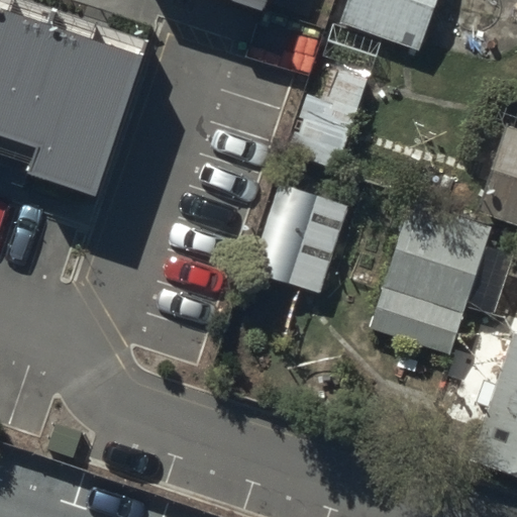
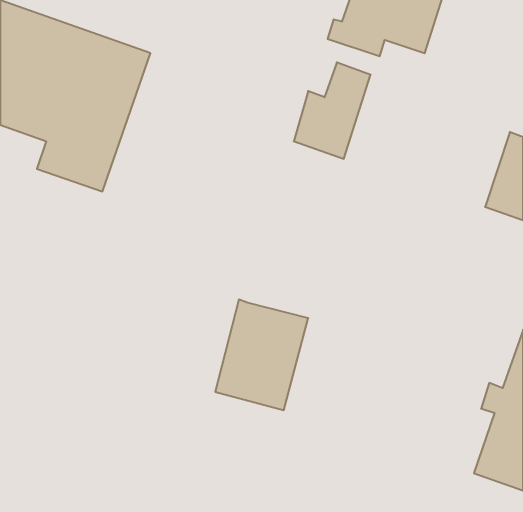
building: [255,186,347,295] -> [215,300,308,410]
building: [365,202,511,355] -> none

